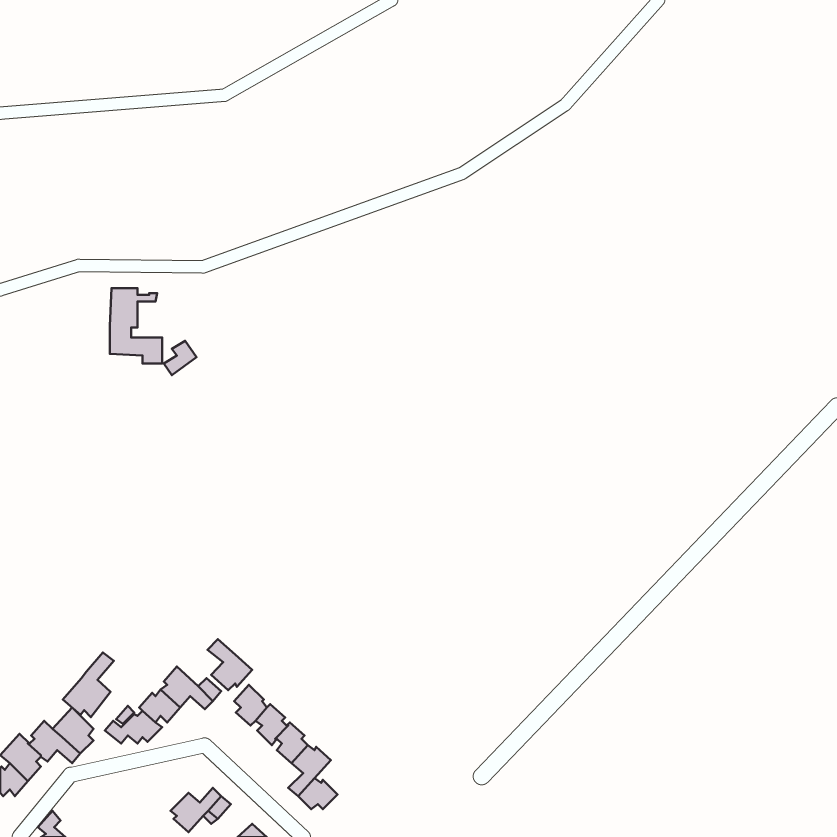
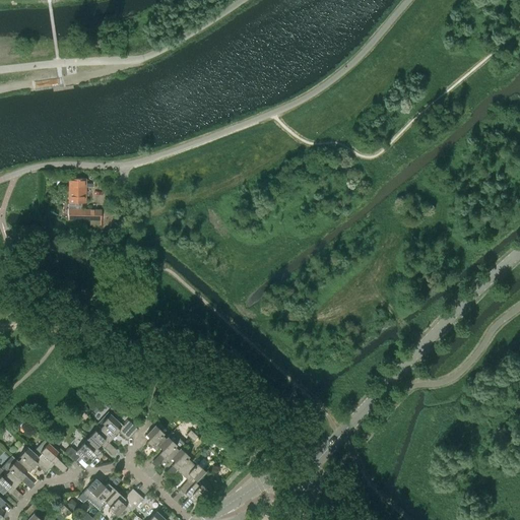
building: [208,639,252,690] -> none
building: [63,652,114,717] -> none
building: none -> [82,474,121,509]

